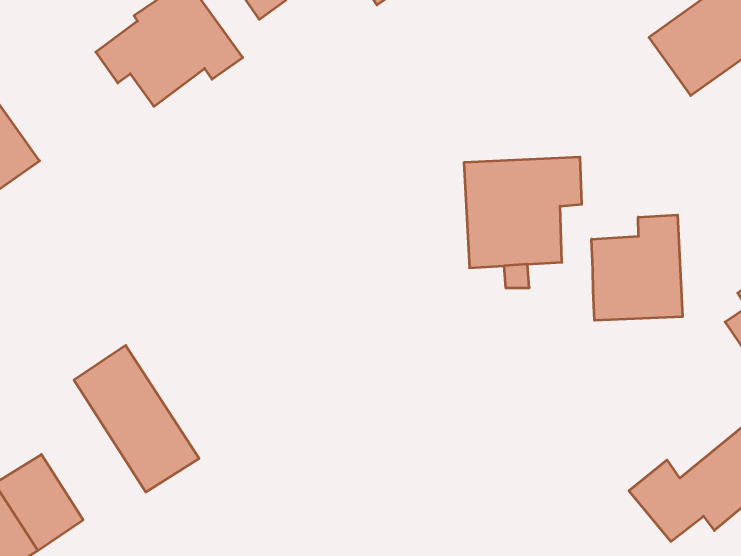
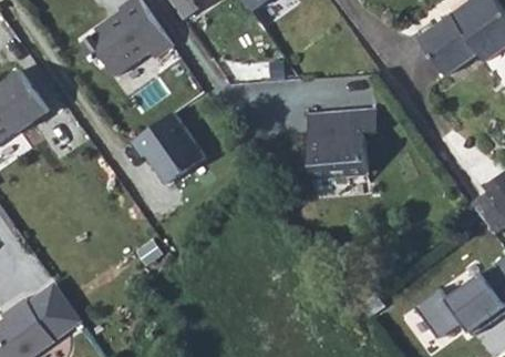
building: none -> [128,114,197,186]
building: [592,215,682,320] -> none
building: [74,345,199,492] -> none

